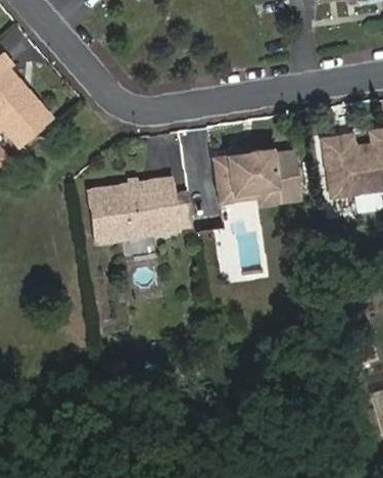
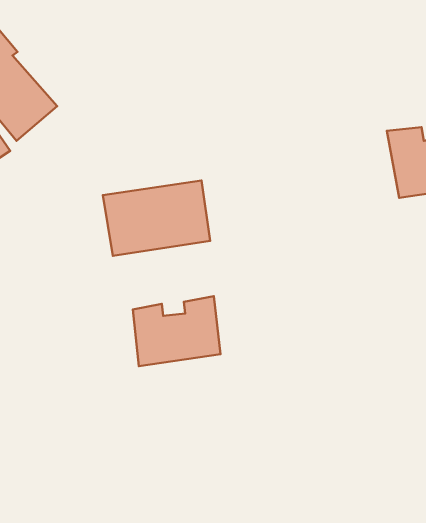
building: [214,147,303,202] -> none
building: none -> [133,296,220,366]

